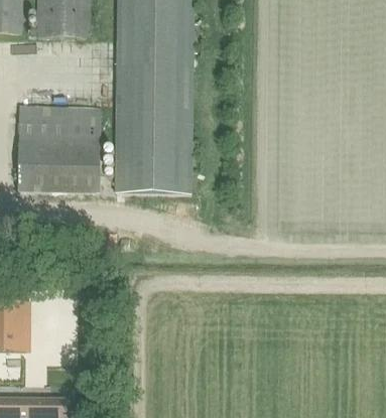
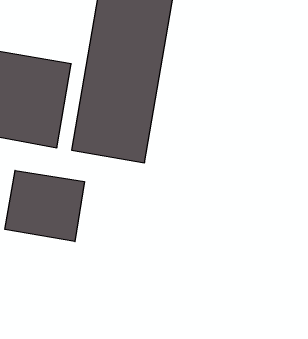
building: none -> [5,170,84,242]

